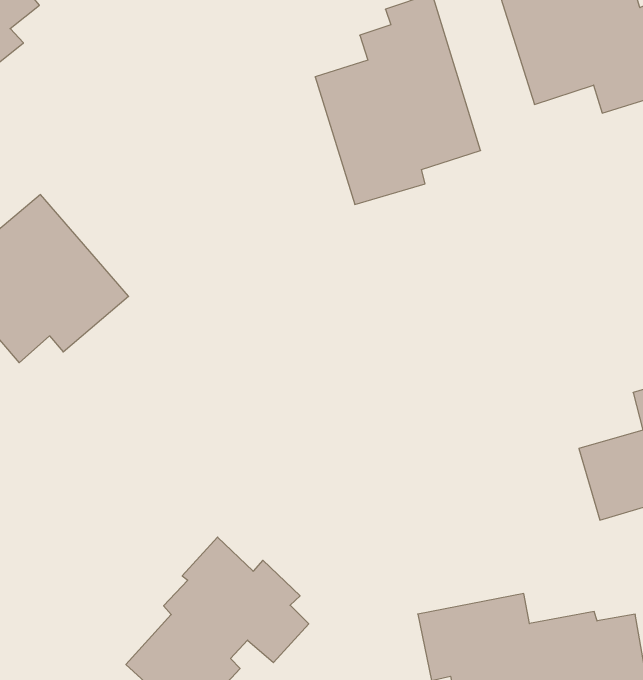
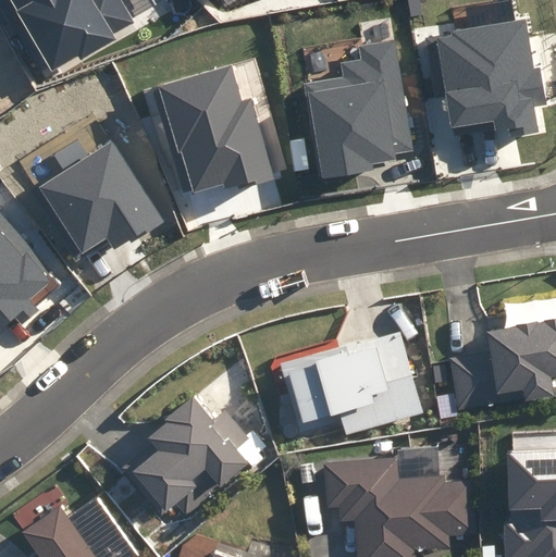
building: none -> [161,67,272,194]
building: none -> [284,326,424,431]

